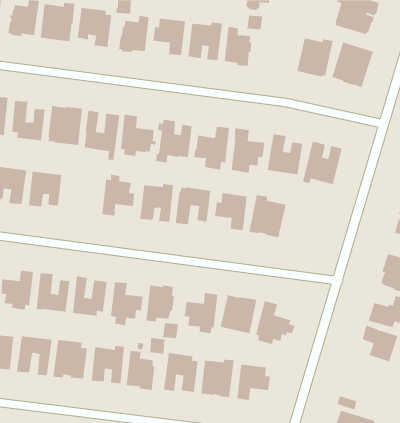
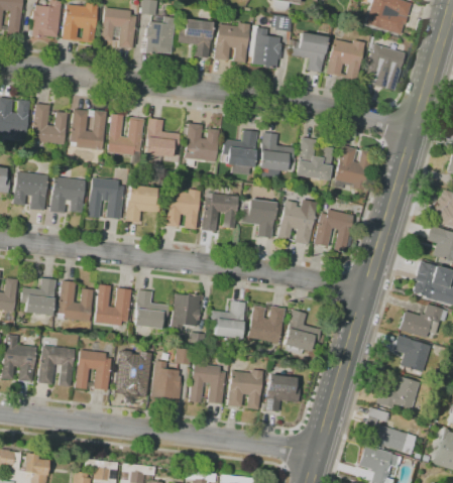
building: none -> [292,33,327,73]
building: none -> [86,177,124,220]
building: none -> [314,210,353,252]
building: none -> [376,376,420,409]

